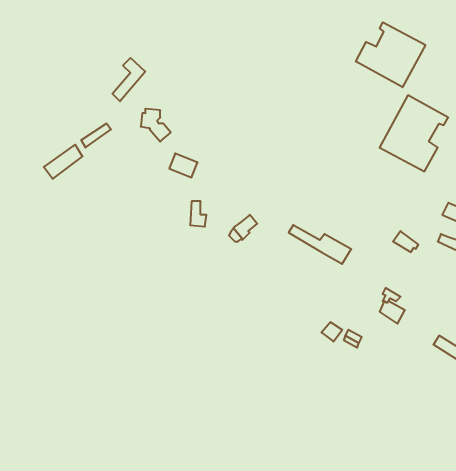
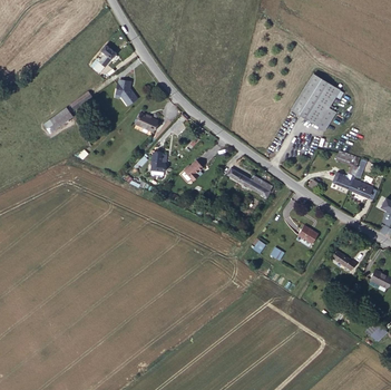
building: [356,22,425,87] -> none

